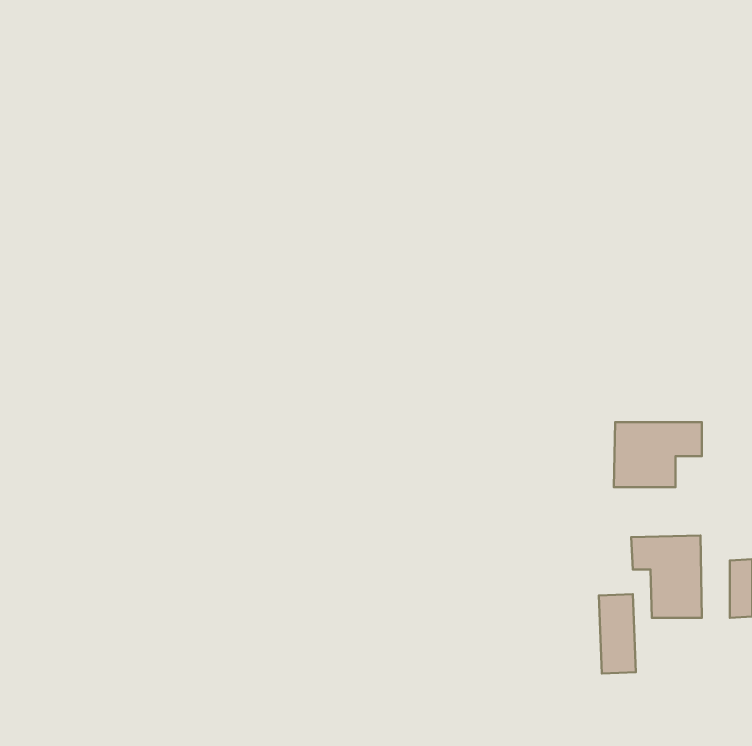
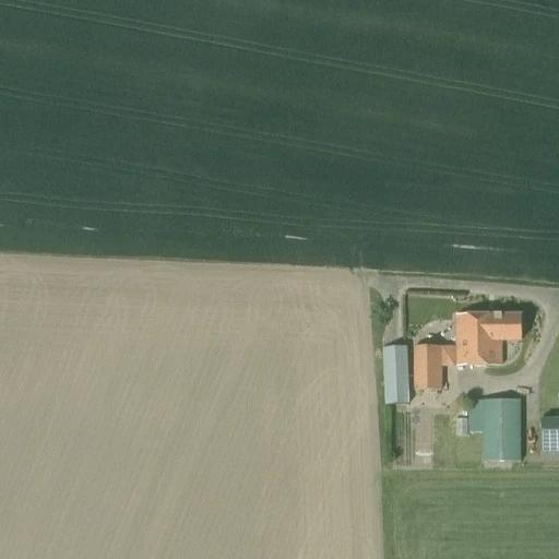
building: none -> [414,344,442,388]
building: [599,594,636,674] -> [382,344,409,403]

